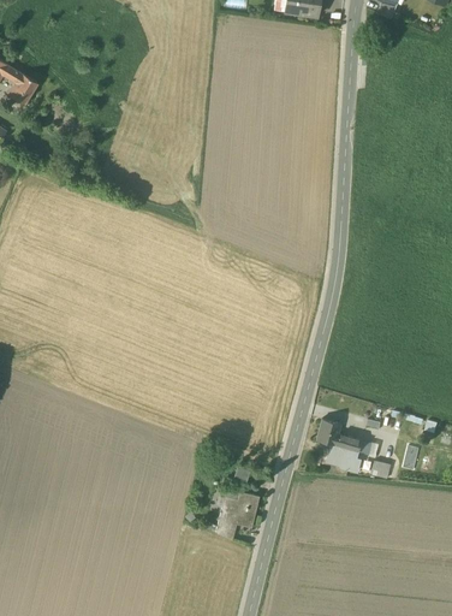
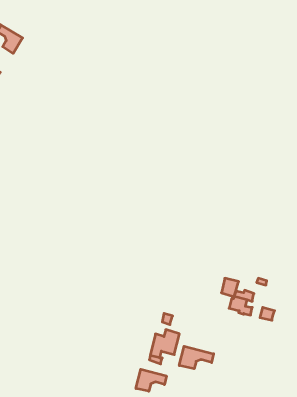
building: none -> [179,346,214,369]
building: none -> [136,369,166,391]

